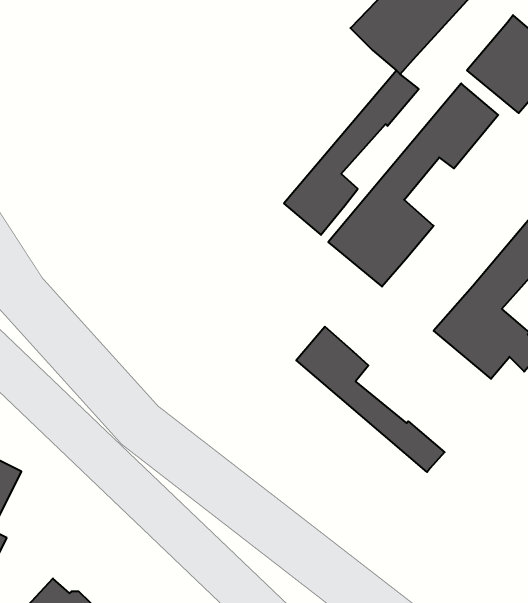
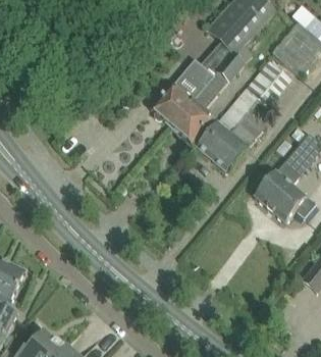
building: none -> [151,41,233,125]
building: [296,327,445,472] -> none

